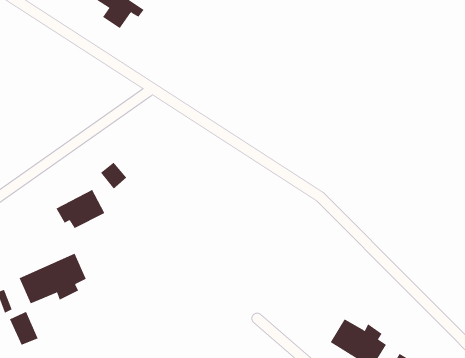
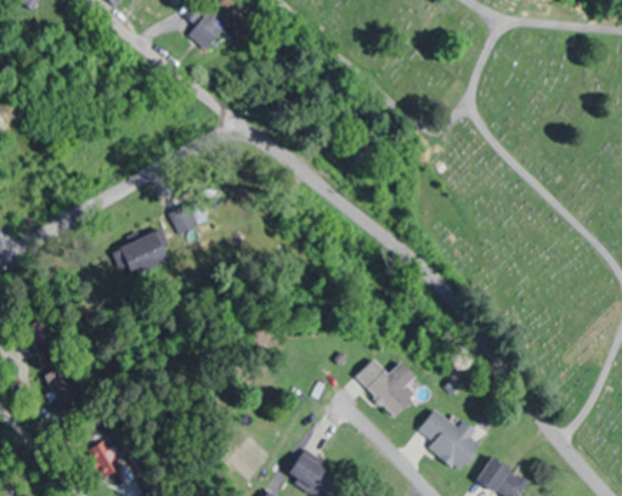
building: [19,253,86,304] -> none
building: none -> [355,359,417,417]

